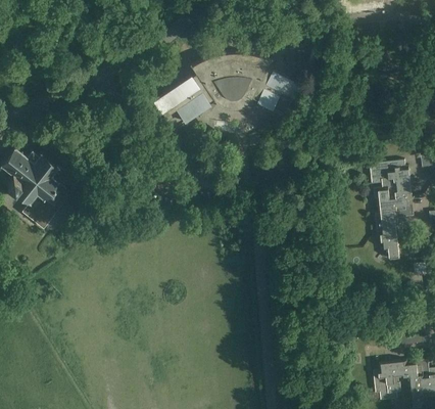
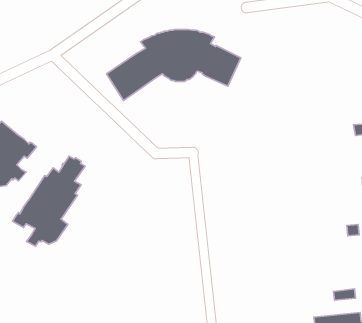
building: [369,162,414,262] -> none
building: none -> [12,156,85,246]

